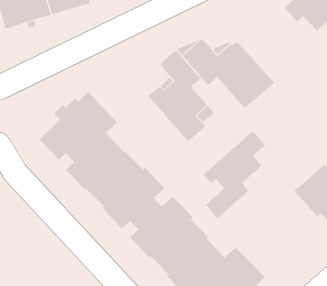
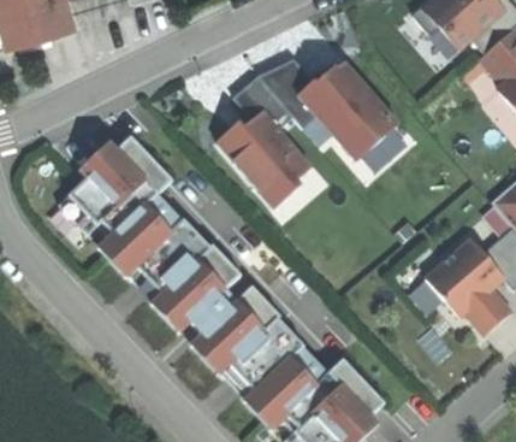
building: [203,130,266,219] -> none

